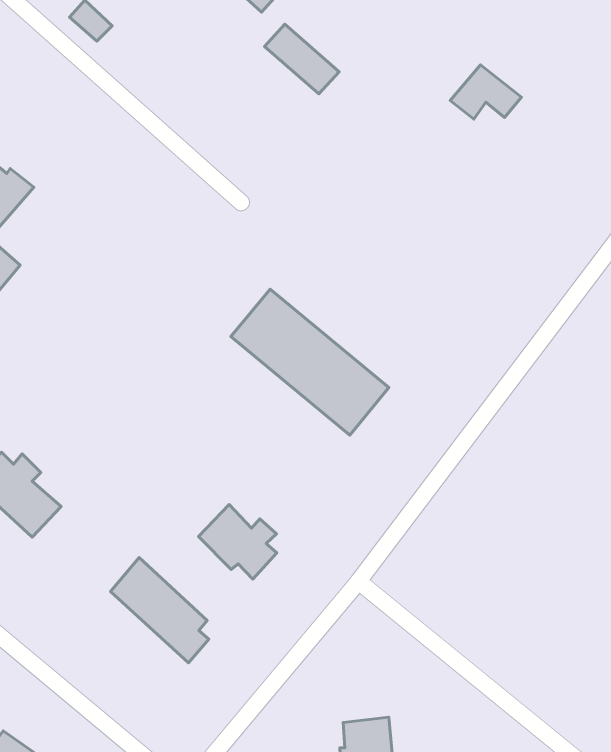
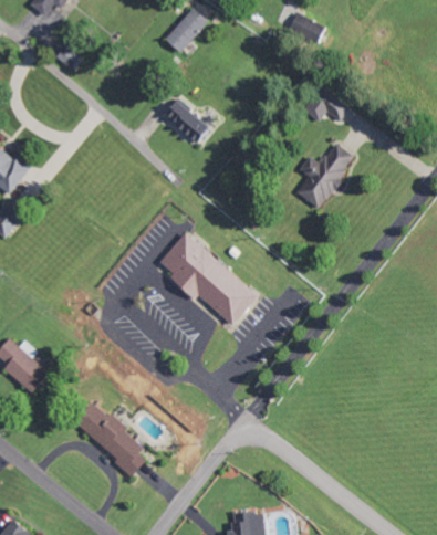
building: [264,24,339,94] -> [163,97,211,143]
building: none -> [294,141,352,209]
building: [199,504,277,579] -> none

